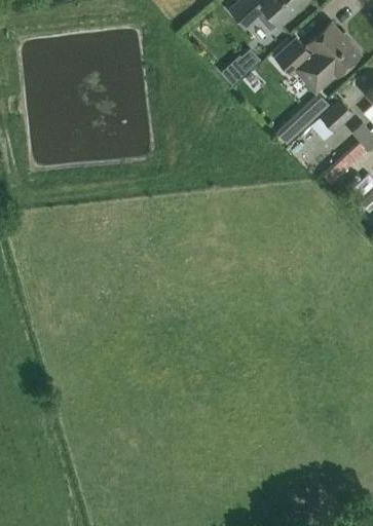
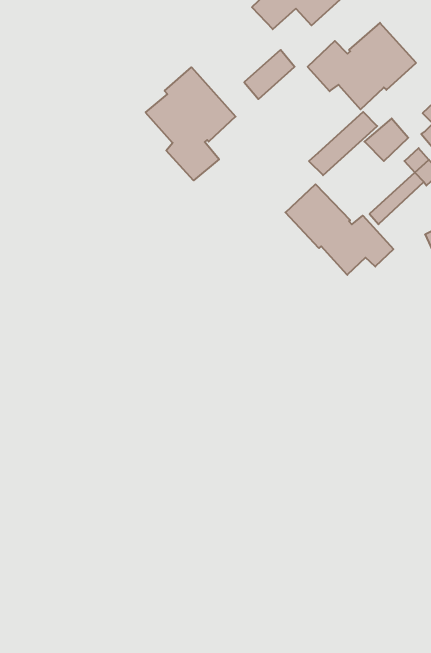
building: none -> [146,67,236,180]
building: none -> [285,184,393,275]

